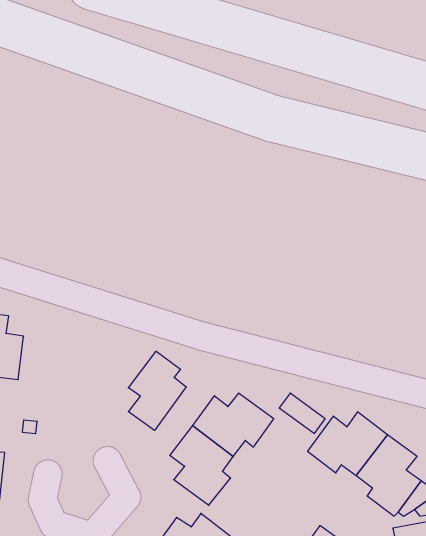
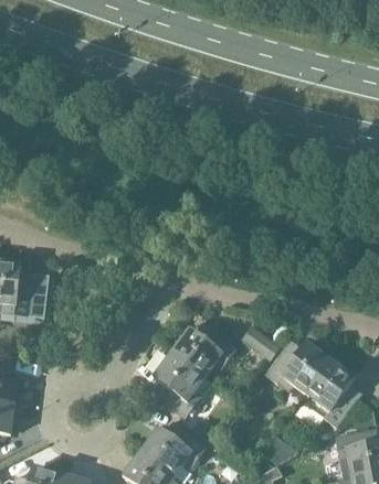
building: [128,351,186,430] -> none

